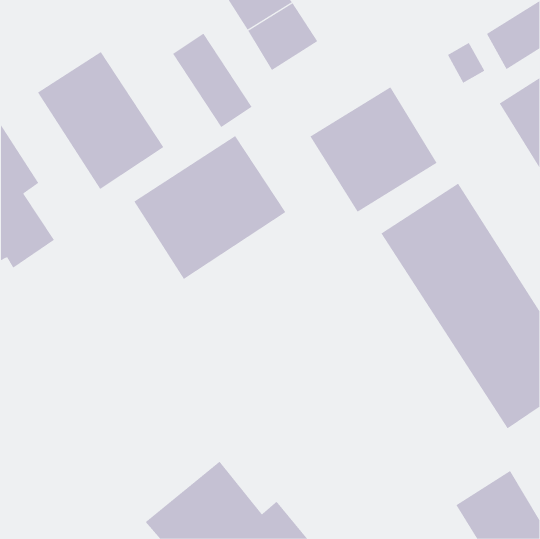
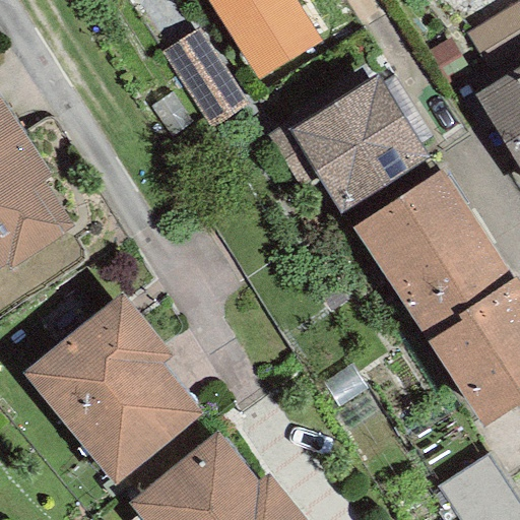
building: [37,51,164,190] -> none
building: [133,135,286,280] -> none
building: none -> [35,304,188,472]

